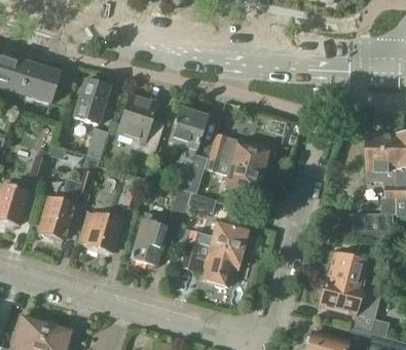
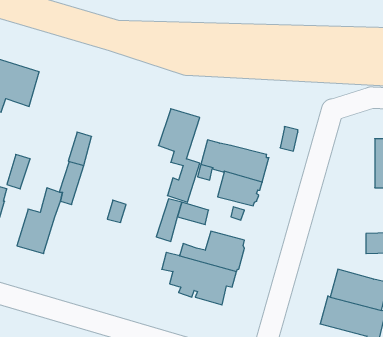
building: [74,77,110,122] -> none
building: [116,91,162,152] -> none
building: [133,210,168,265] -> none
building: [81,212,122,252] -> none

